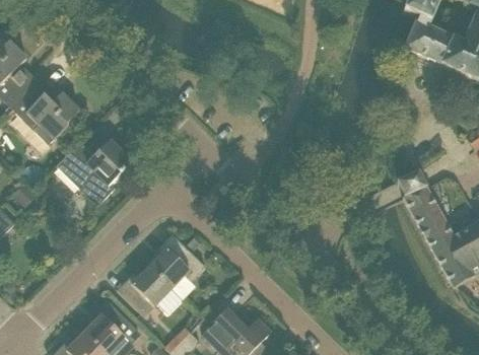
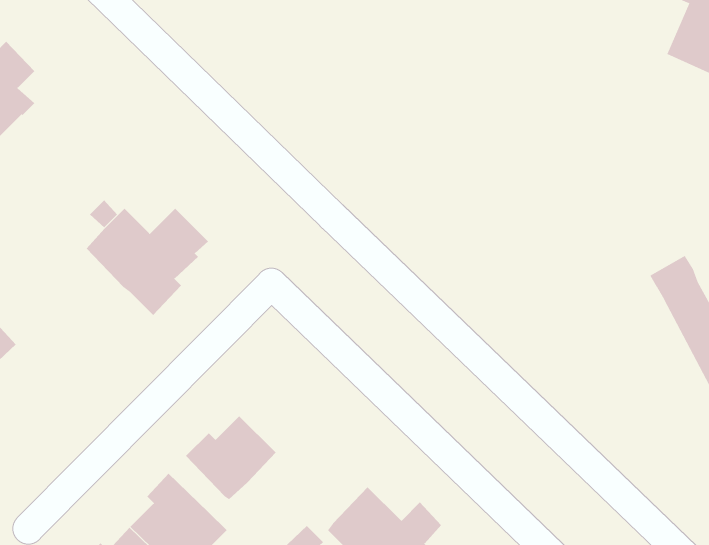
building: [12,89,79,139] -> none
building: [148,232,204,287] -> none

